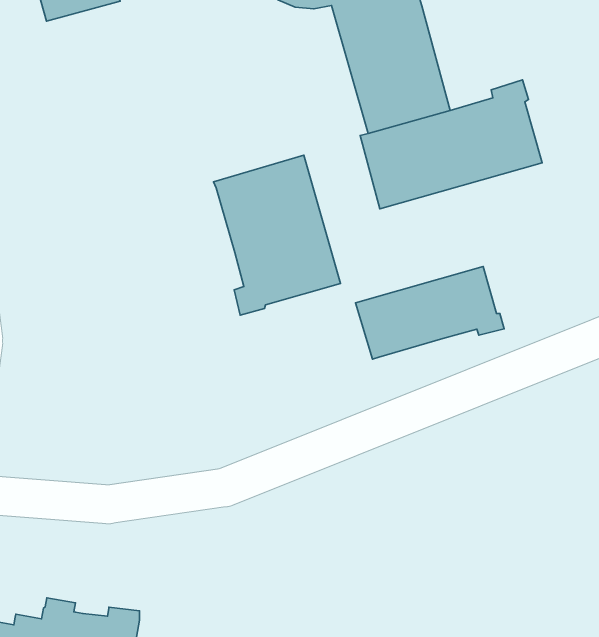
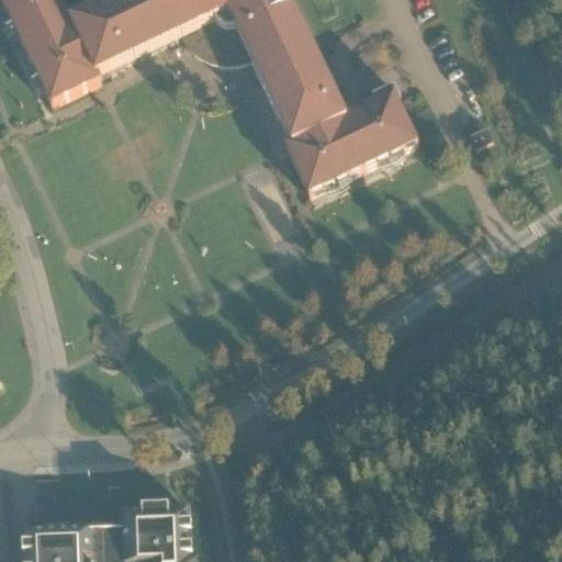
building: [214,155,341,315] -> none
building: [356,266,504,359] -> none

